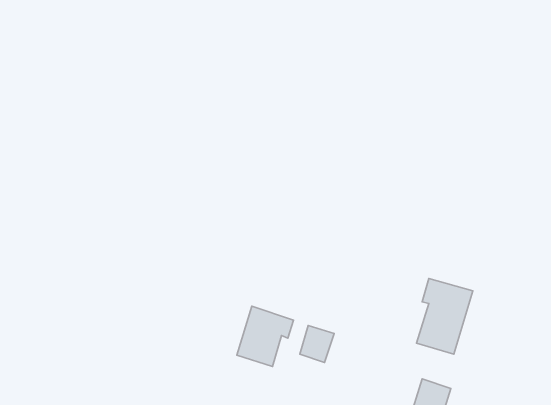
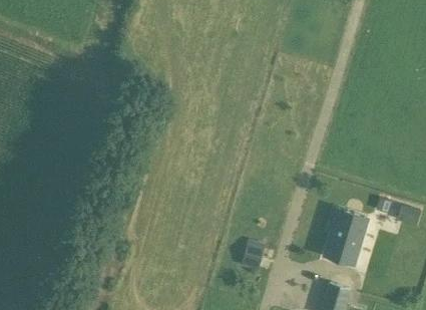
building: [237,306,294,367] -> none

